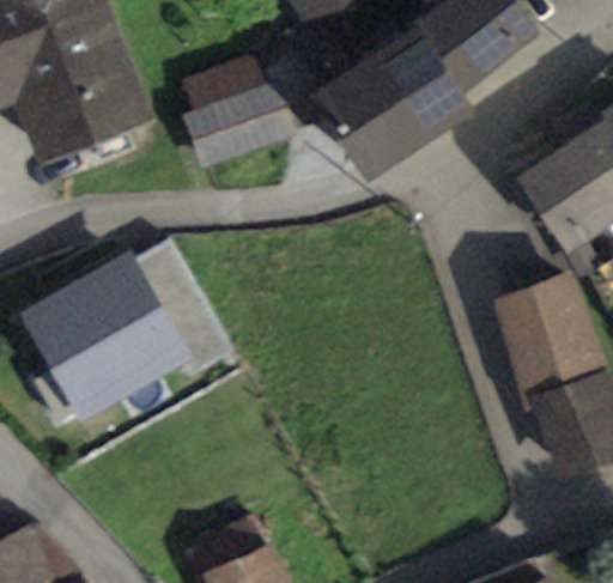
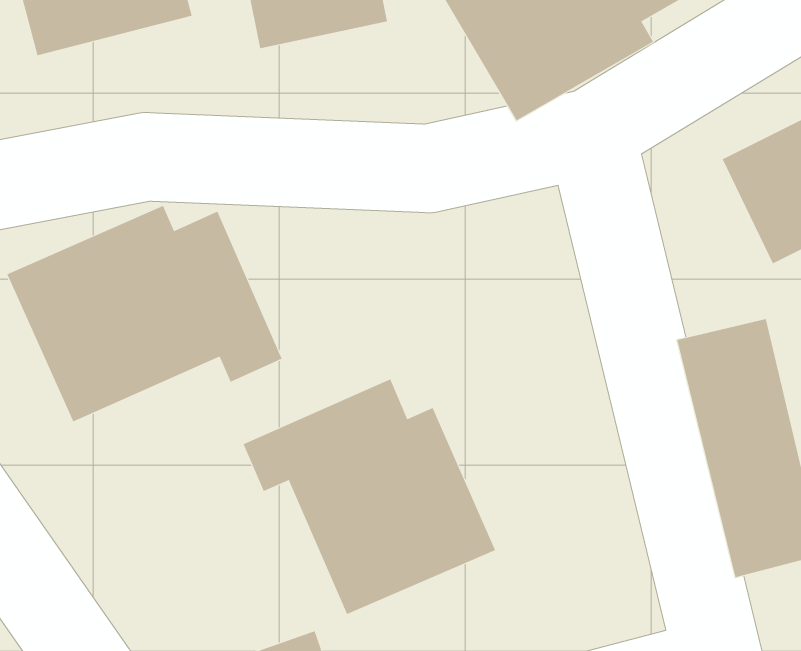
building: none -> [243,379,496,615]

